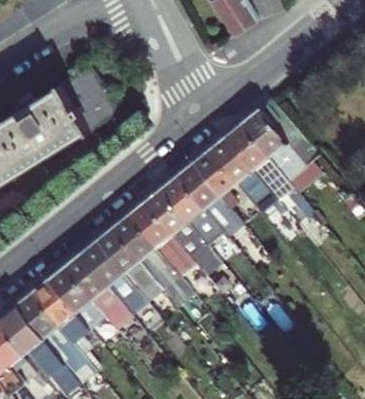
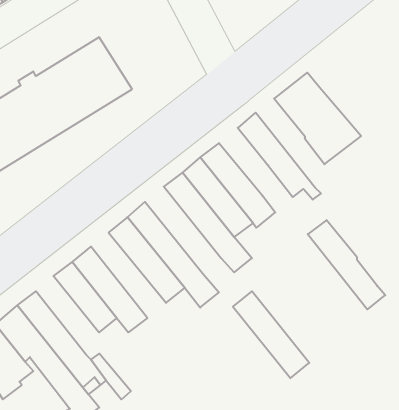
building: [226,123,294,201] -> [308,220,385,309]
building: [194,148,237,208] -> none
building: [129,200,196,276] -> [233,291,309,378]
building: [81,240,147,315] -> none
building: [33,278,89,347] -> none

